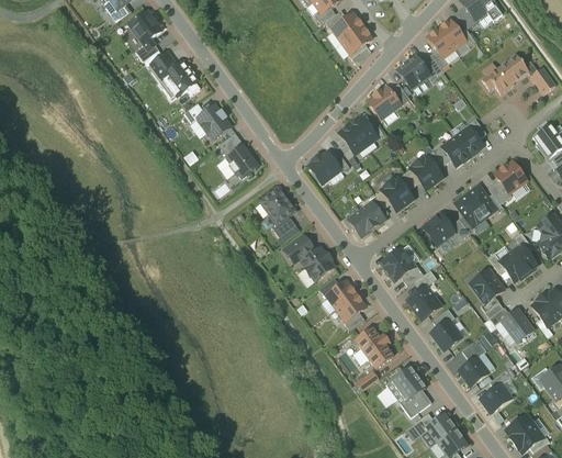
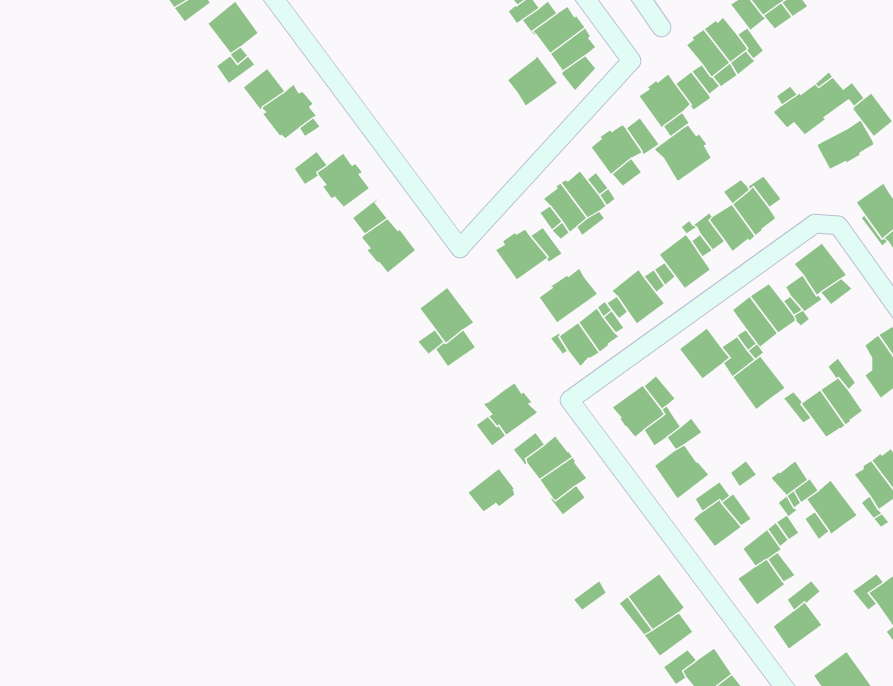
building: none -> [507,56,558,106]
building: none -> [817,120,874,170]
building: none -> [655,125,712,181]
building: none -> [539,268,598,323]
building: [284,235,314,262] -> [467,468,515,512]
building: [471,269,504,303] -> [732,356,785,411]
building: [355,326,393,368] -> none

